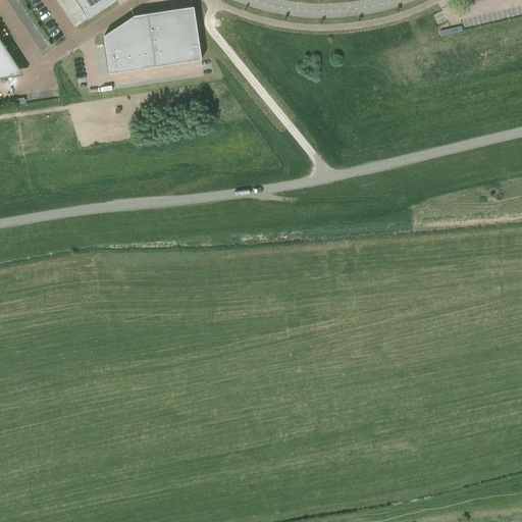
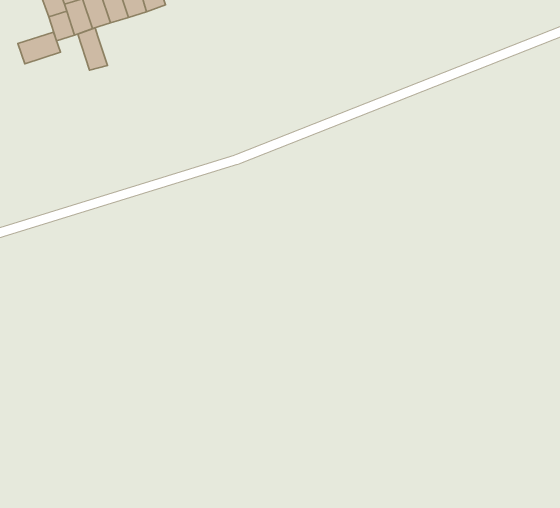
building: none -> [18,32,61,64]
building: none -> [78,28,108,70]

